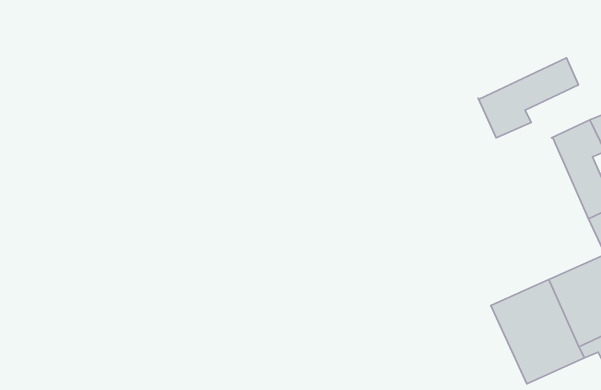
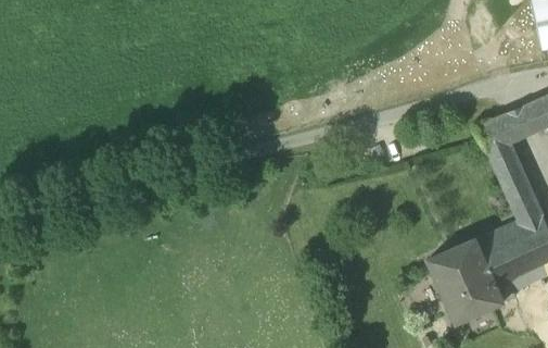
building: [478,58,578,138] -> none

